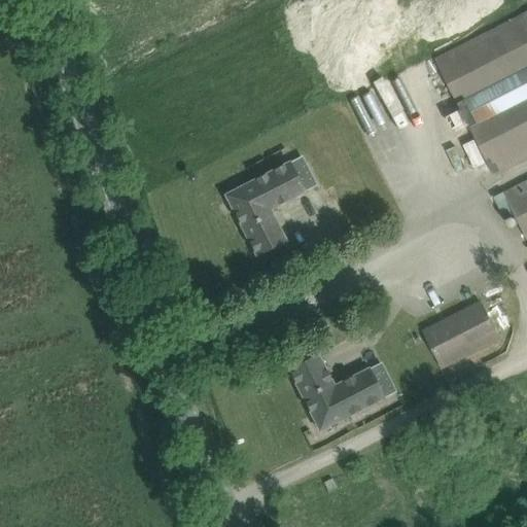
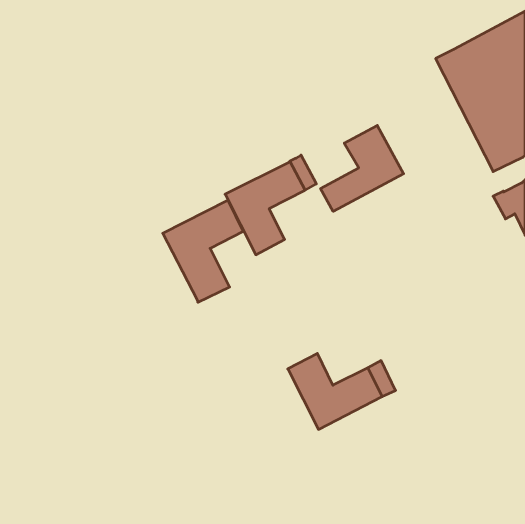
building: none -> [321,125,404,211]
building: none -> [163,200,243,302]
building: [425,302,500,367] -> none

